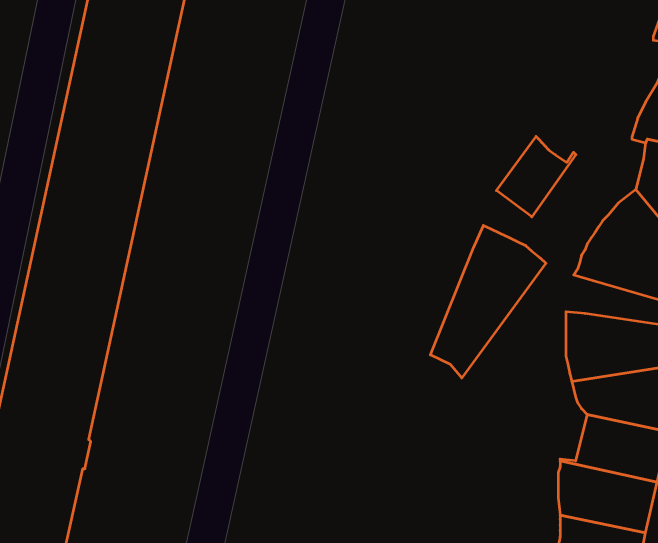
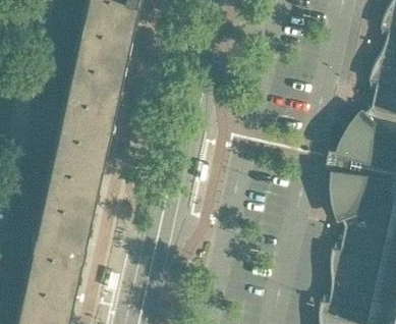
building: [496,136,576,217] -> none
building: [430,225,546,378] -> none

